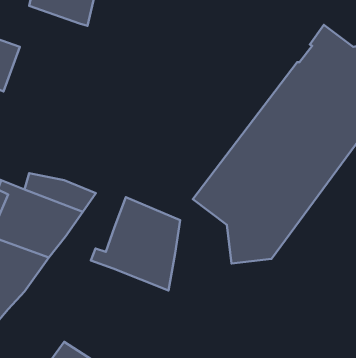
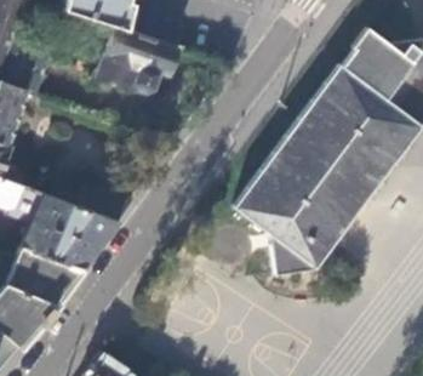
building: none -> [97,27,178,95]
building: [91,197,180,290] -> none

